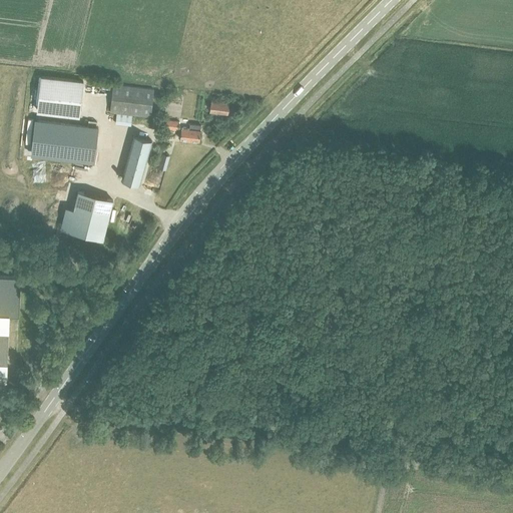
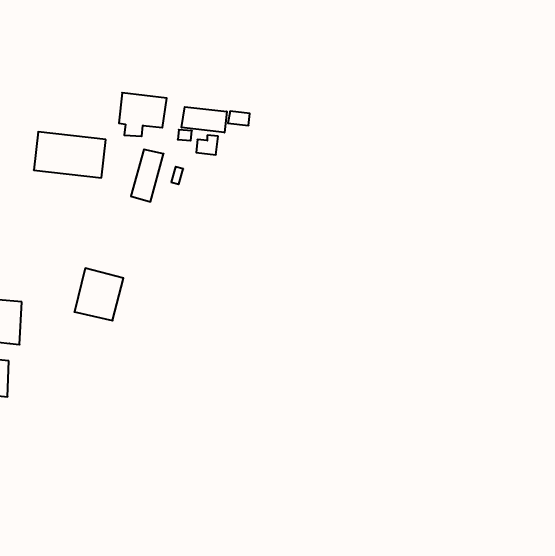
building: [37,77,81,118] -> none
building: none -> [182,107,227,133]
building: [66,192,111,240] -> [74,268,123,321]

